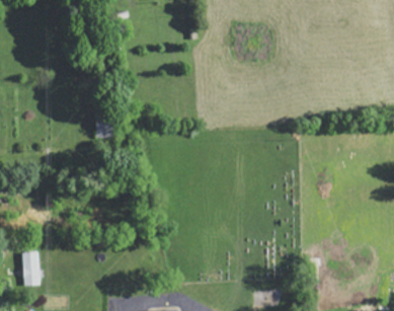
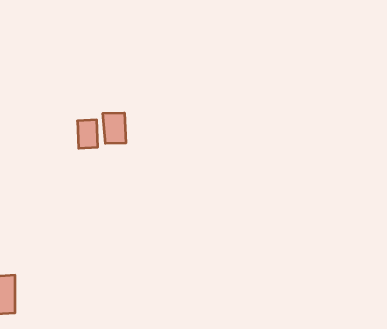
building: none -> [103,113,126,143]

